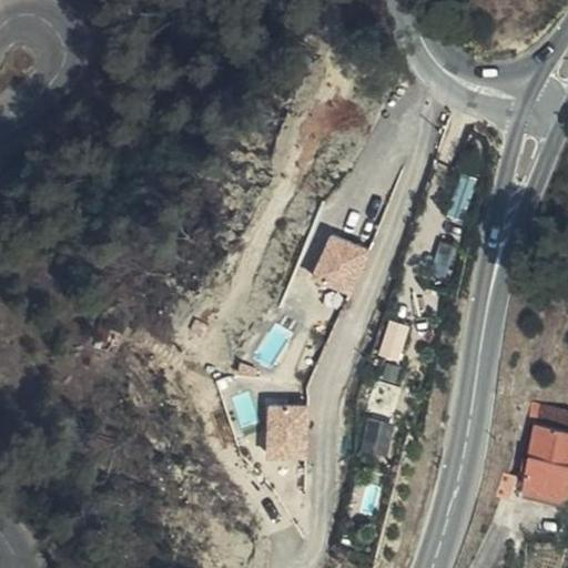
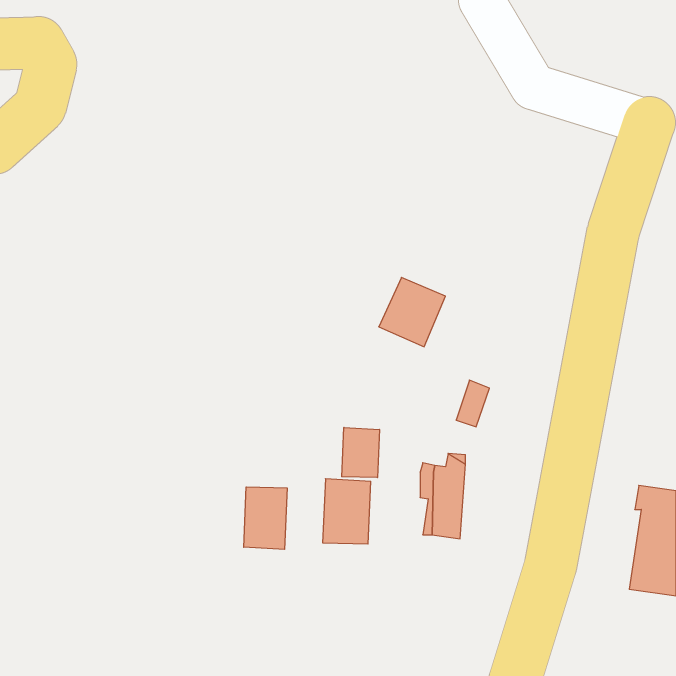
building: none -> [342,427,379,478]
building: none -> [244,487,287,549]

